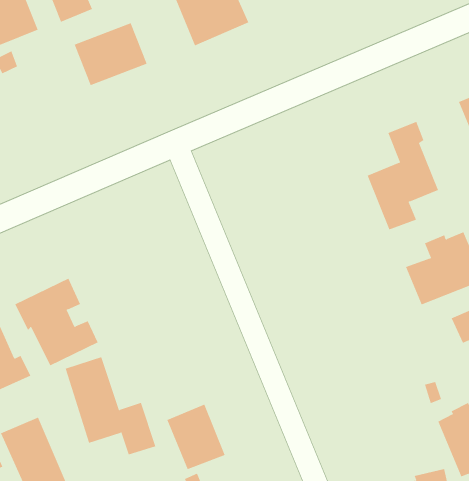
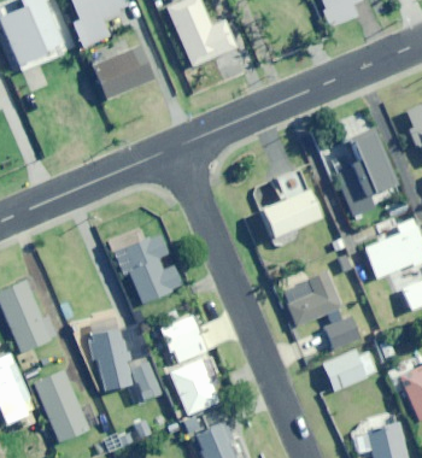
building: none -> [259,168,318,237]
building: [15,278,98,366] -> [112,231,181,304]
building: none -> [289,271,342,325]
building: none -> [170,316,206,363]
building: none -> [326,317,361,348]
building: none -> [322,350,377,391]

